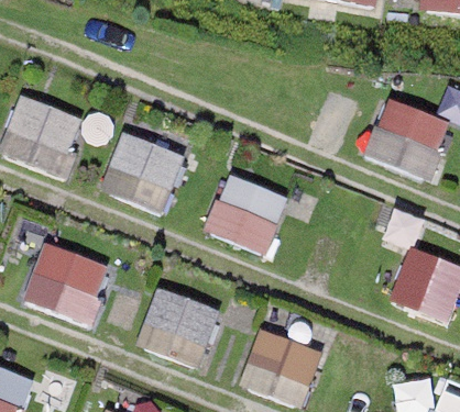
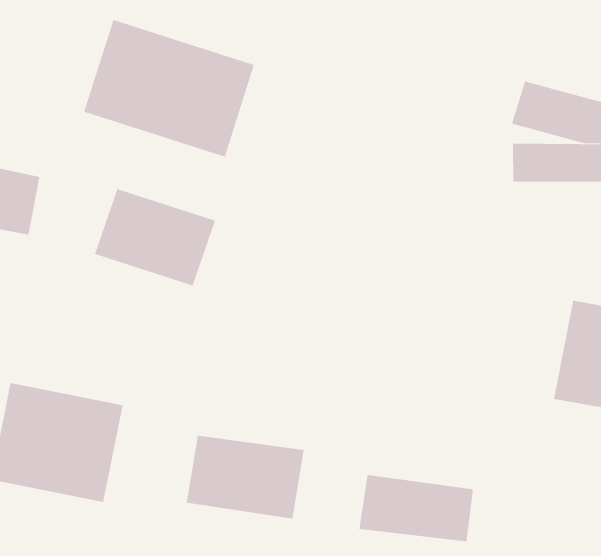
building: none -> [84,19,254,158]
building: [201,176,286,260] -> none

